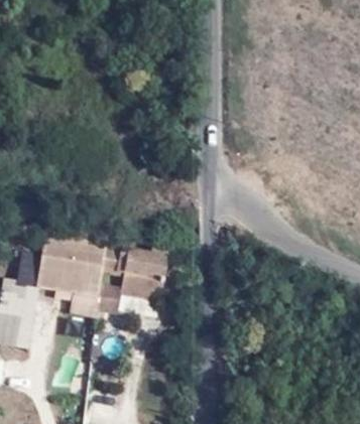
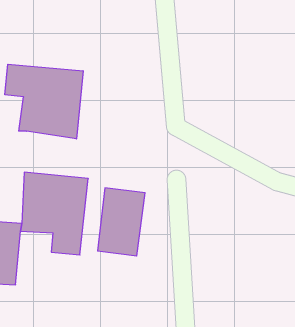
building: none -> [5,64,83,139]

